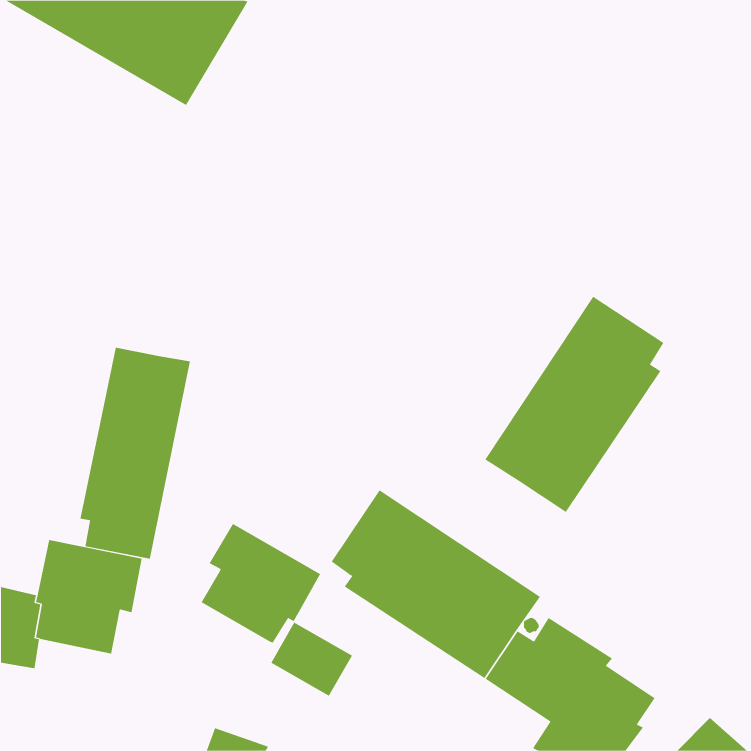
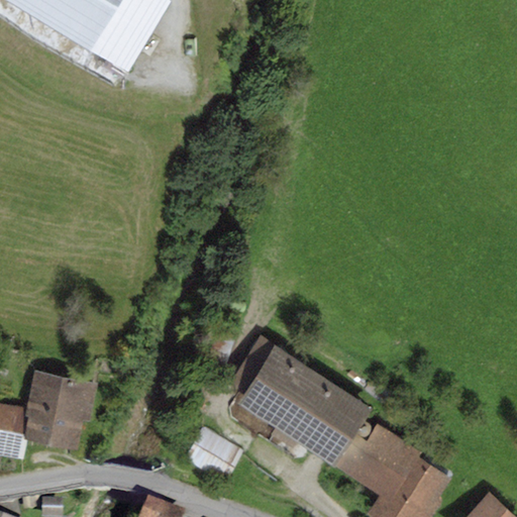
building: [484,296,664,513] -> none
building: [80,347,190,559] -> none
building: [201,523,321,643] -> none

